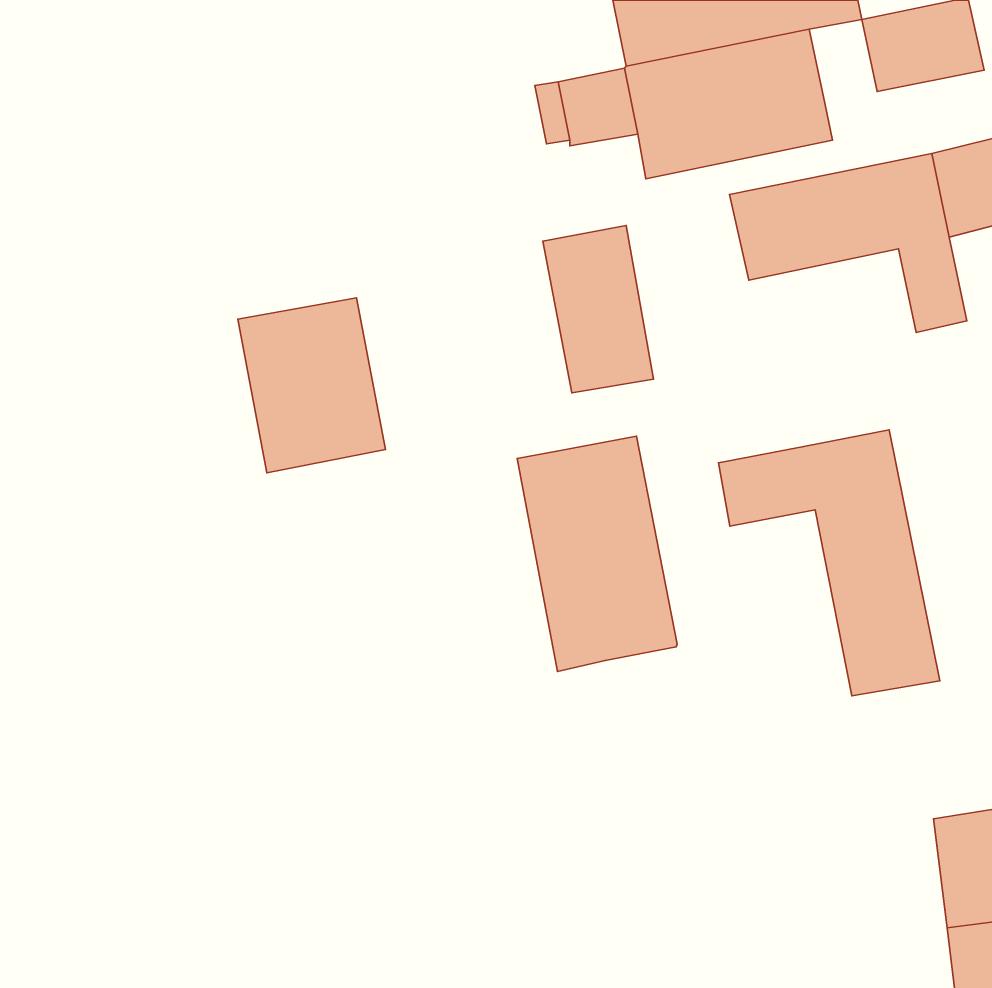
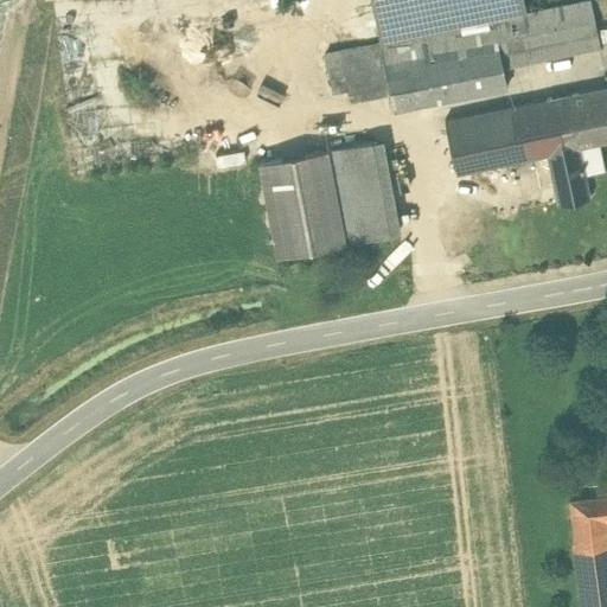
building: none -> [494,15,536,66]
building: [238,298,386,473] -> [260,151,350,257]
building: [718,430,940,696] -> none
building: [517,436,677,671] -> none

